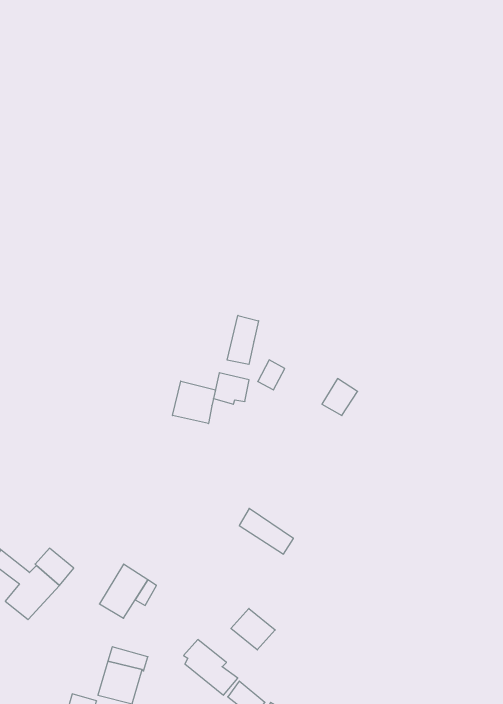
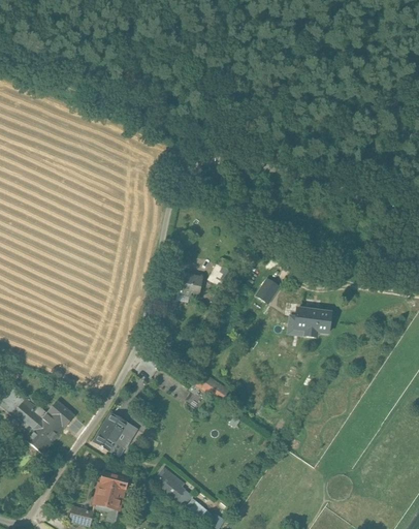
building: [227,315,259,364] -> none
building: [173,381,215,424] -> none
building: none -> [295,308,331,337]
building: [231,608,275,650] -> none

